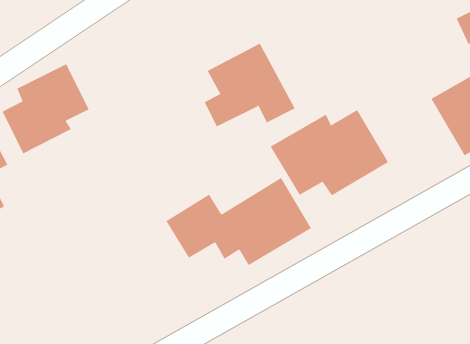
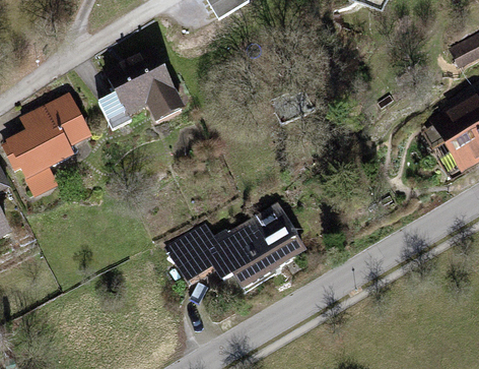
building: [204,43,296,127] -> [100,44,190,126]
building: [270,109,389,196] -> none

